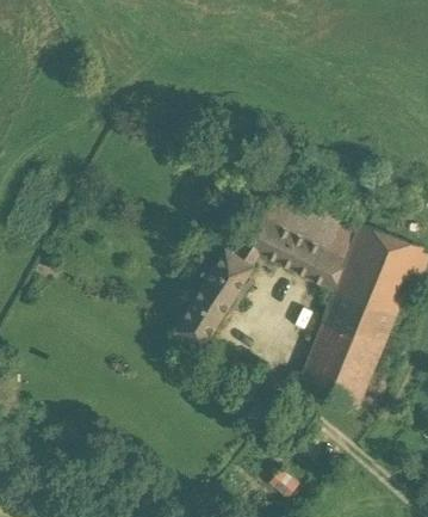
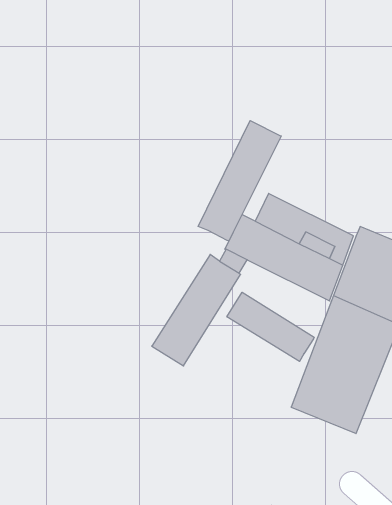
building: none -> [198,121,281,241]
building: none -> [227,292,314,361]

